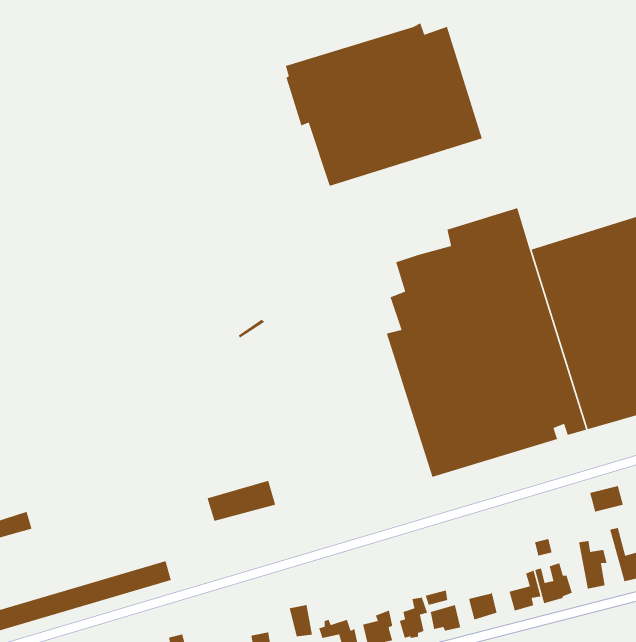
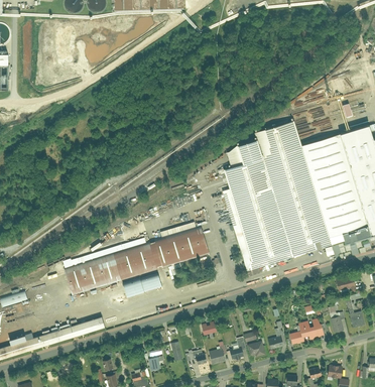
building: [285,22,483,187] -> none
building: none -> [65,226,211,295]

